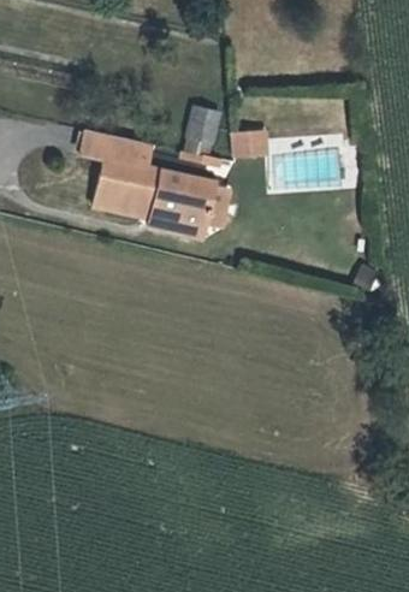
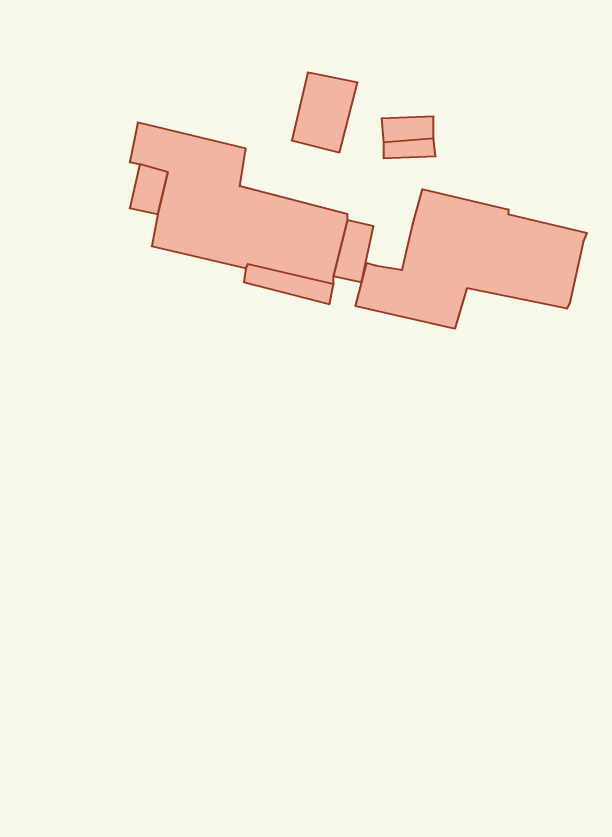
building: none -> [356,189,587,329]

